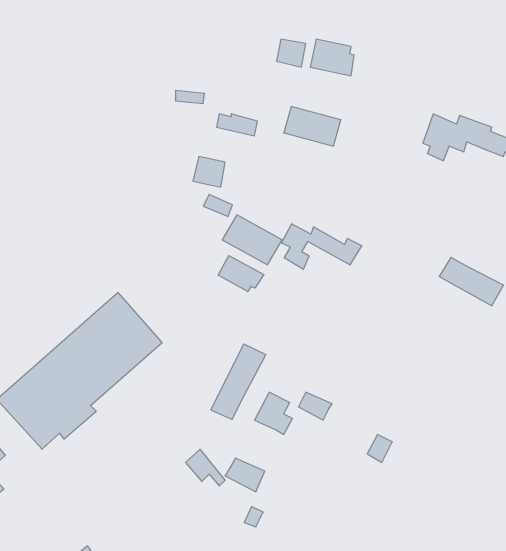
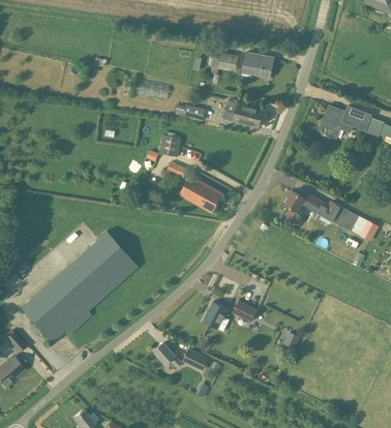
building: [281,224,362,269] -> [284,191,341,223]
building: [218,256,264,292] -> none
building: [211,344,266,419] -> none

